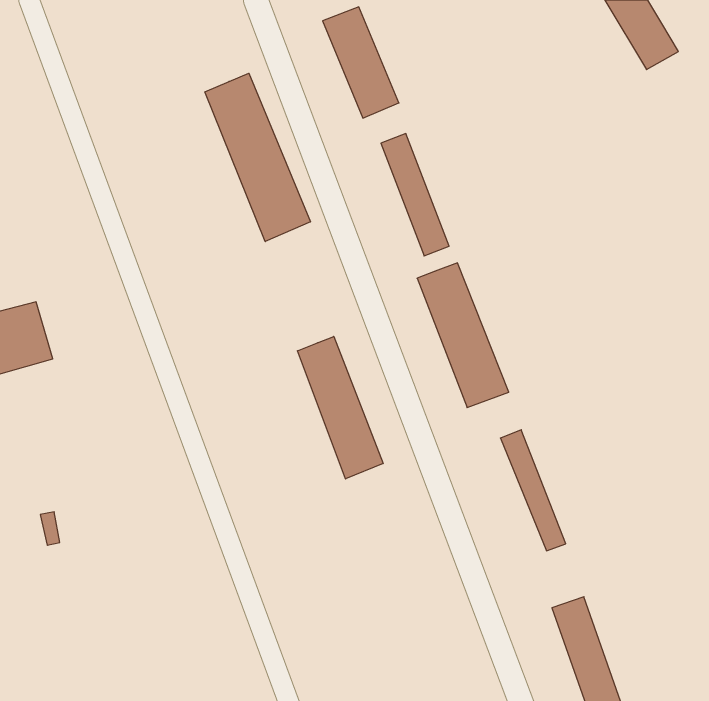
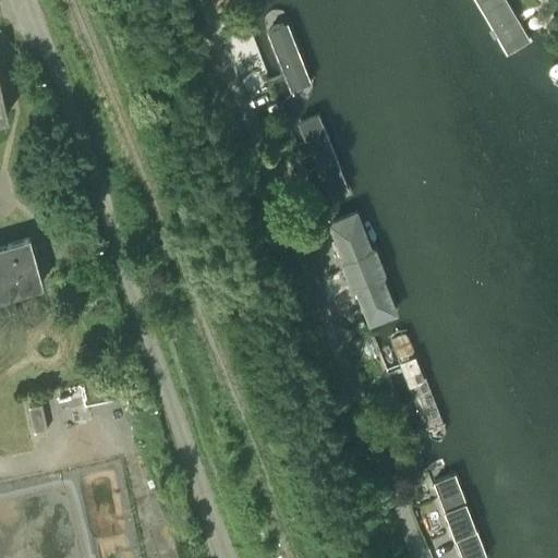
building: [205,73,310,242] -> none
building: [297,336,383,479] -> none

